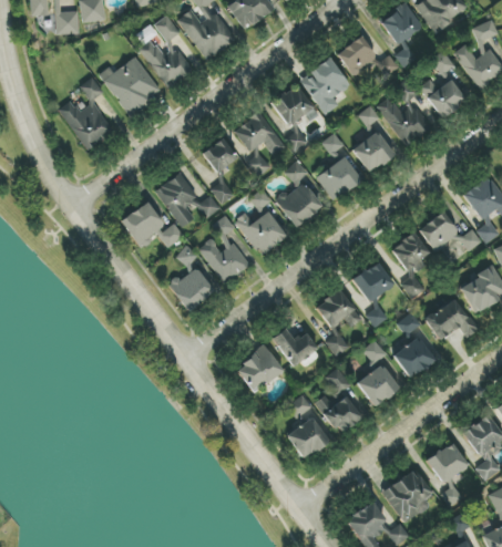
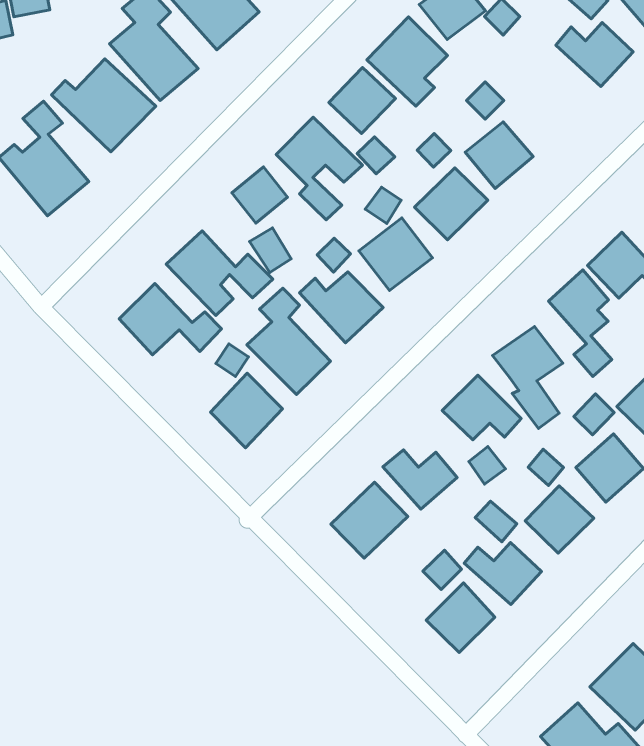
building: [380,97,431,145] -> none

